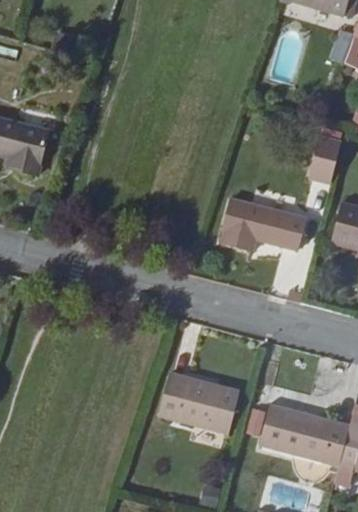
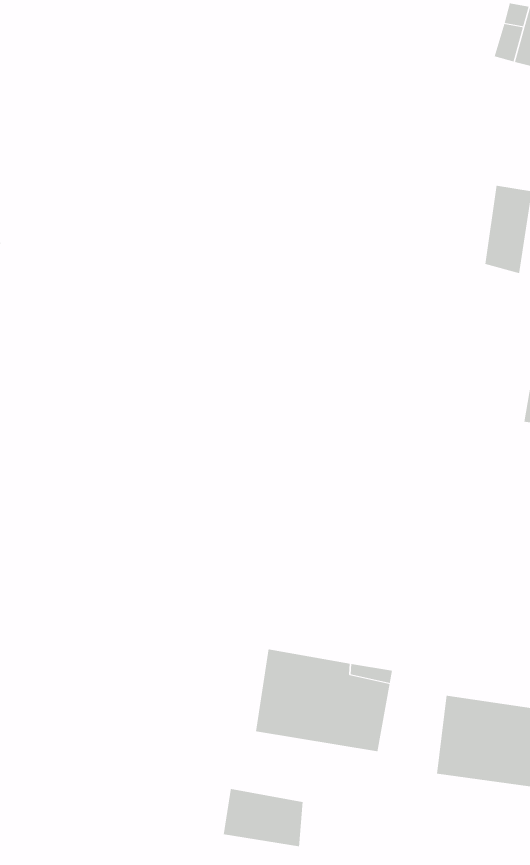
building: [219,198,304,251] -> none
building: none -> [223,788,303,847]

